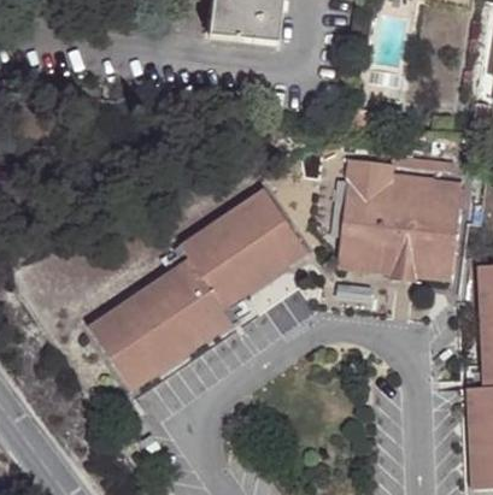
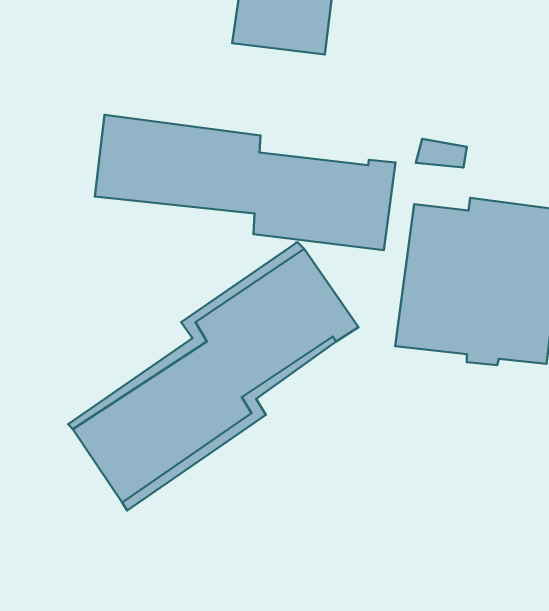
building: none -> [95,115,395,250]

